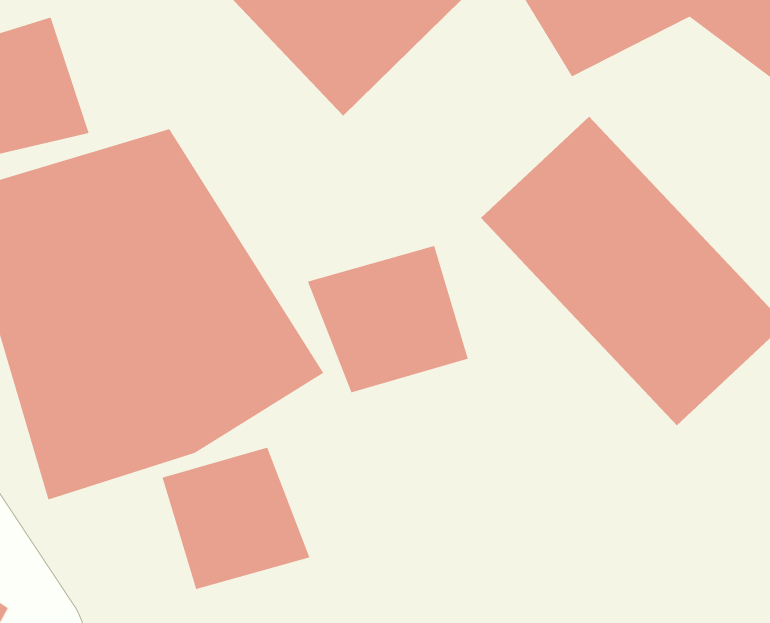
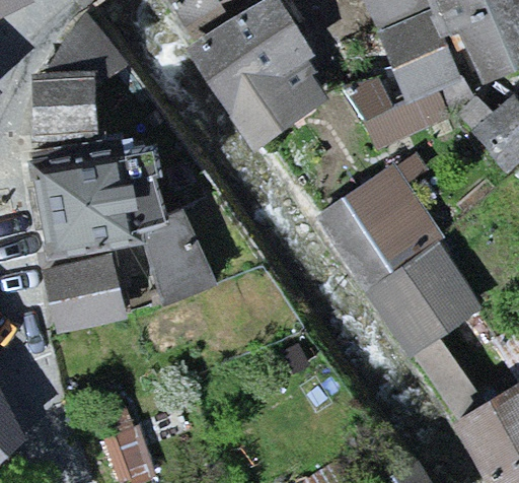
building: [307,245,469,393] -> none
building: [162,447,310,590] -> none

